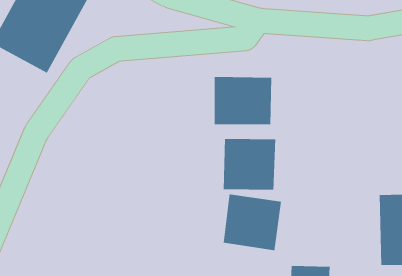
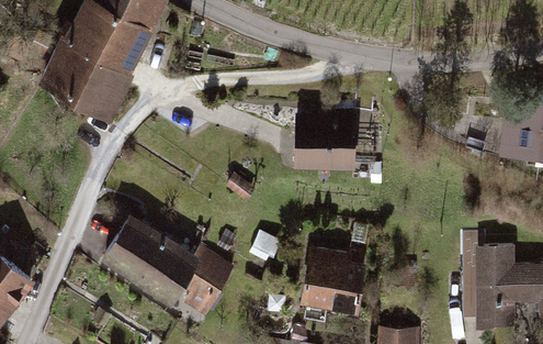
building: [223,138,276,191] -> none
building: none -> [101,214,236,312]

